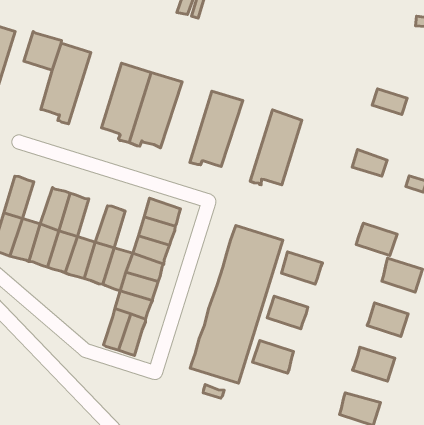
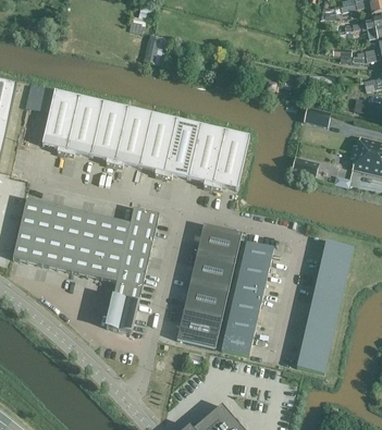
building: none -> [65,95,103,155]
building: none -> [139,112,176,175]
building: none -> [188,123,225,186]
building: none -> [35,200,57,233]
building: none -> [79,210,101,244]
building: none -> [109,218,131,250]
building: [356,223,397,256] -> [318,257,349,281]
building: none -> [238,257,270,282]
building: none -> [230,293,261,318]
building: none -> [309,293,341,317]
building: none -> [221,329,254,354]
building: none -> [300,329,333,353]

